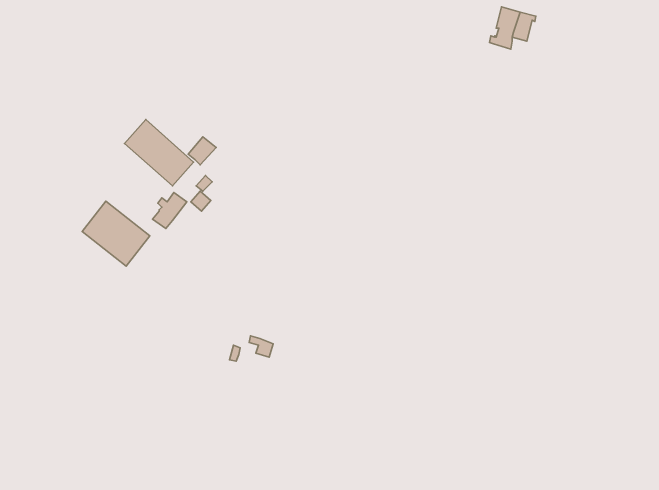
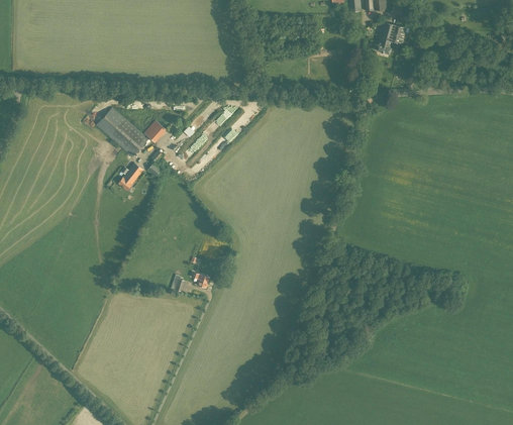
building: [82,201,150,266] -> none

